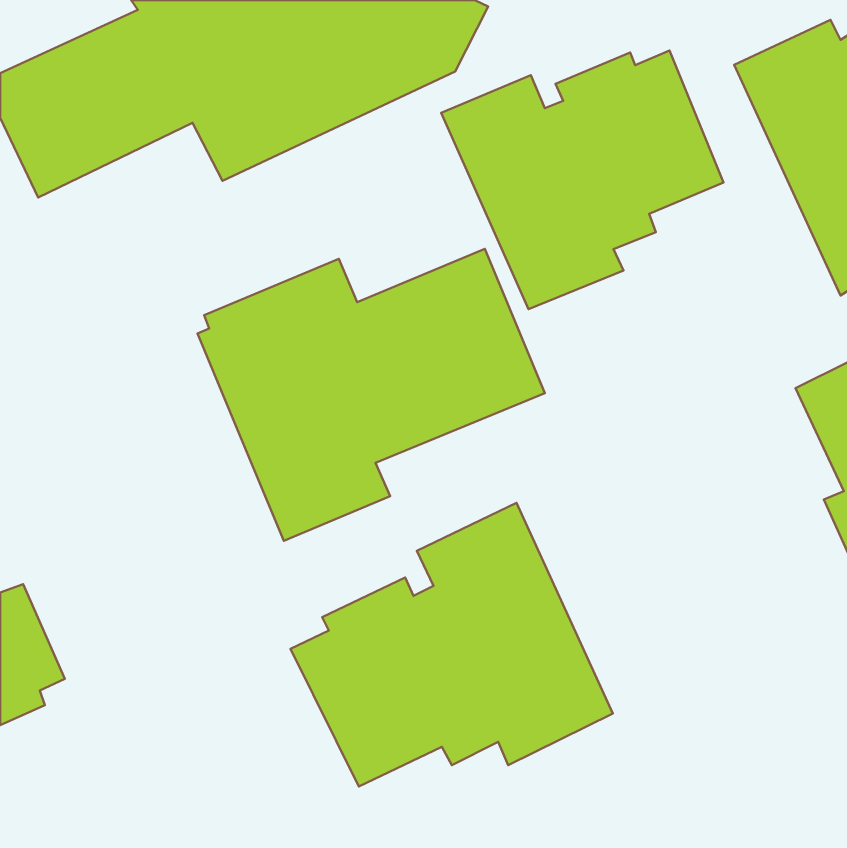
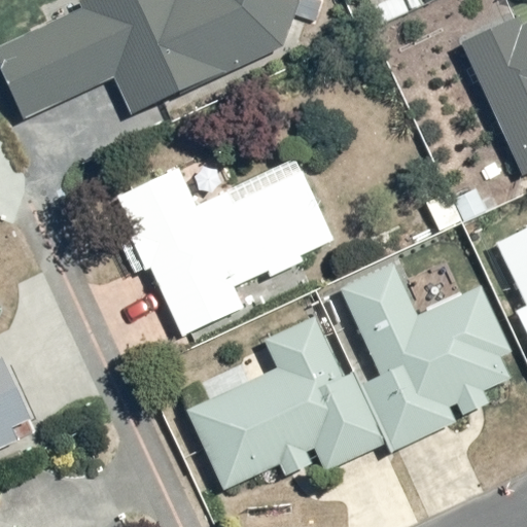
building: [441,51,724,309] -> none
building: none -> [316,264,521,456]

